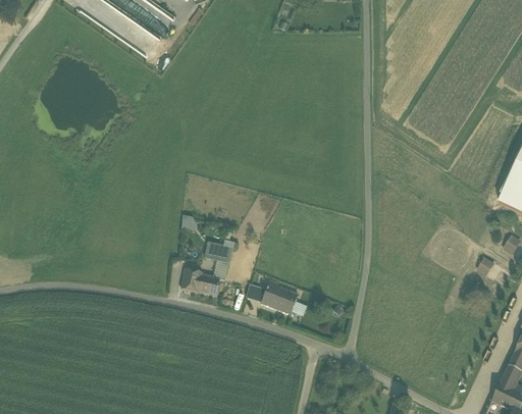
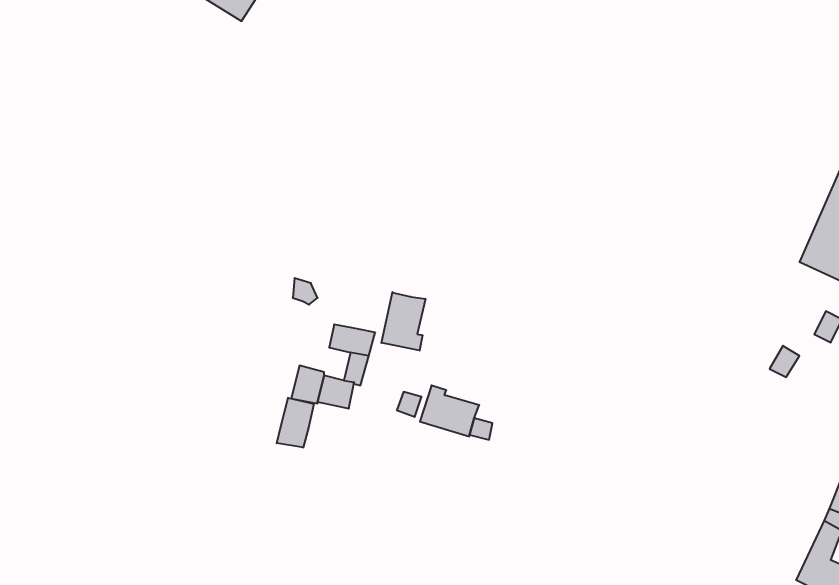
building: none -> [381,292,425,351]
building: none -> [277,398,314,448]

